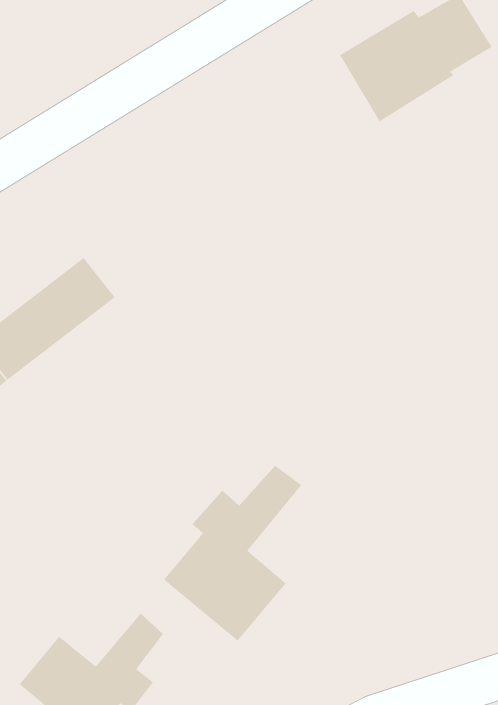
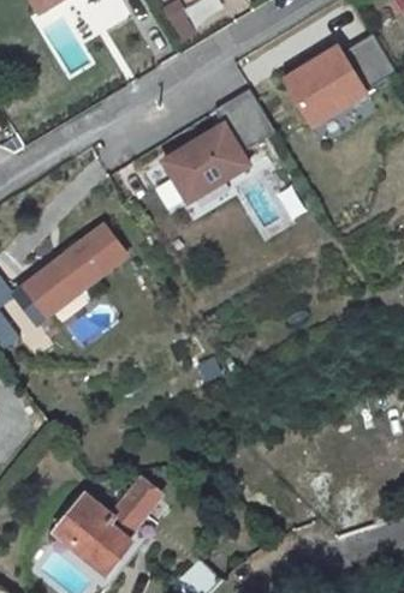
building: none -> [161,90,274,203]
building: [163,465,302,642] -> none

